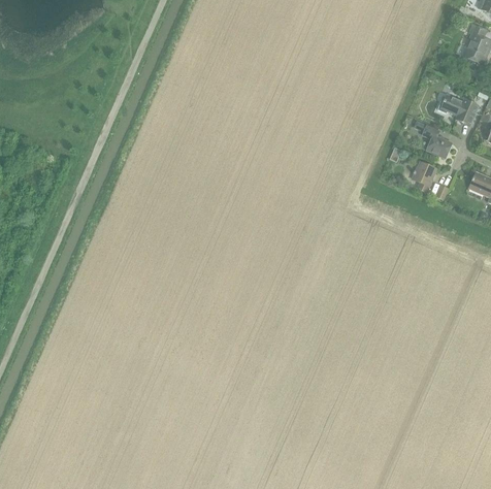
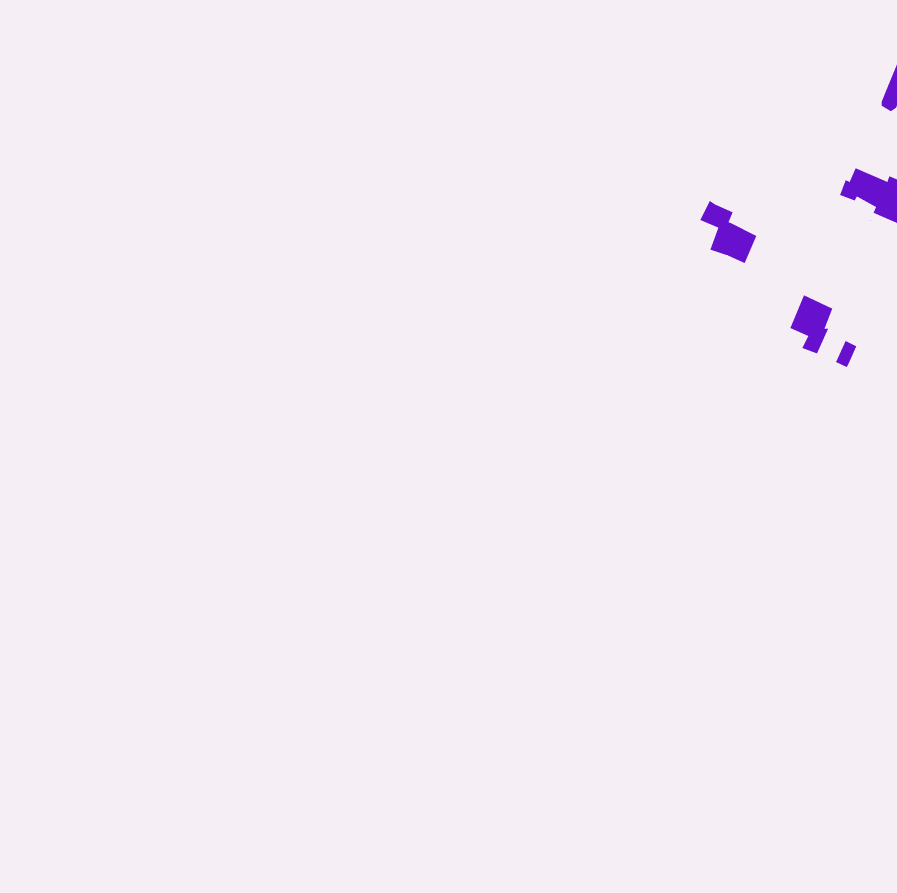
building: [421,124,451,157] -> [700,200,757,264]

